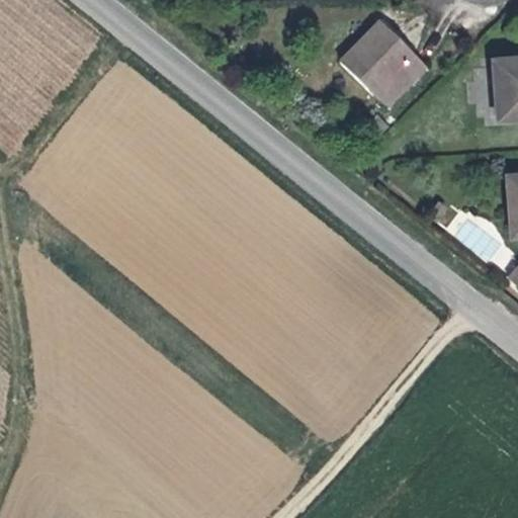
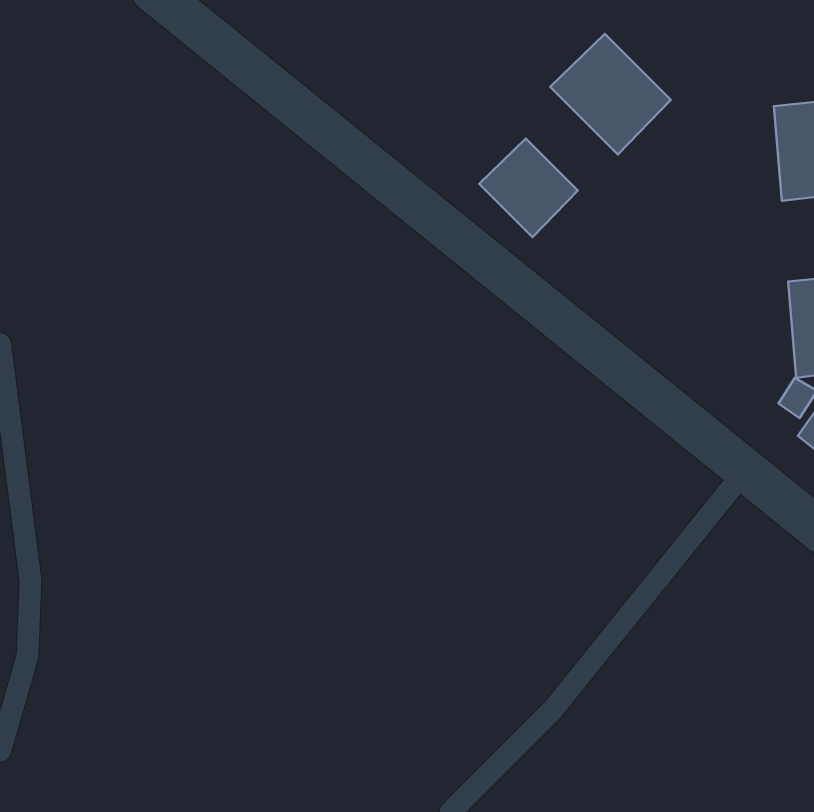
building: none -> [479,139,578,237]

